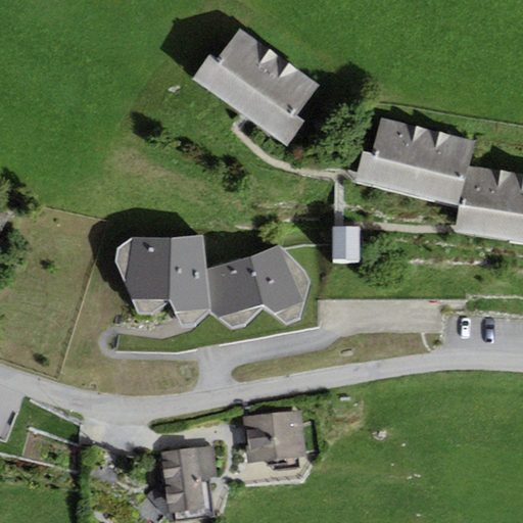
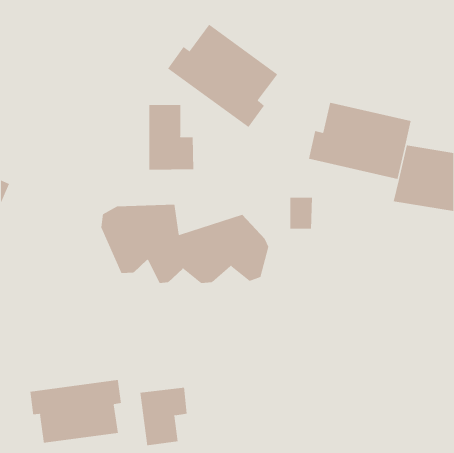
building: none -> [149,104,194,171]
building: [245,412,304,462] -> none
building: none -> [30,379,121,444]

